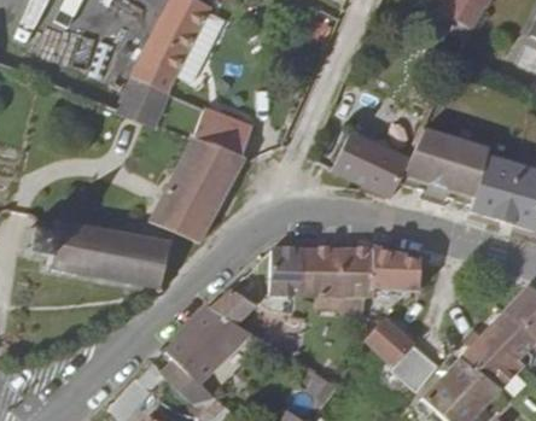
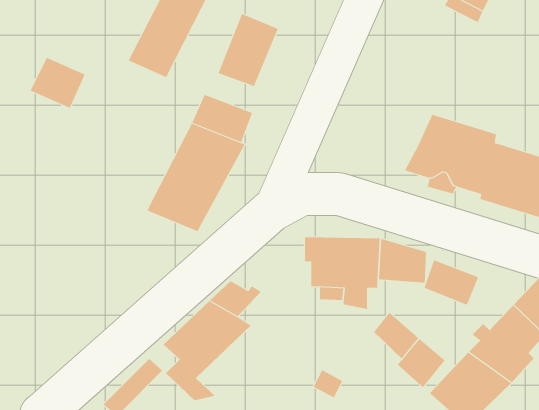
building: none -> [218,13,278,87]
building: [116,76,169,125] -> [30,57,85,108]
building: [332,130,410,197] -> none
building: [27,217,175,292] -> none
building: [269,246,308,294] -> none
building: none -> [424,260,479,306]

